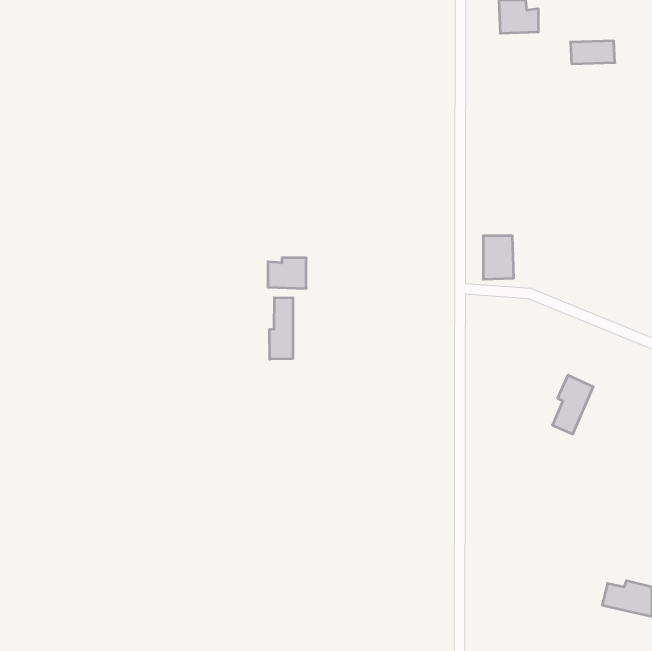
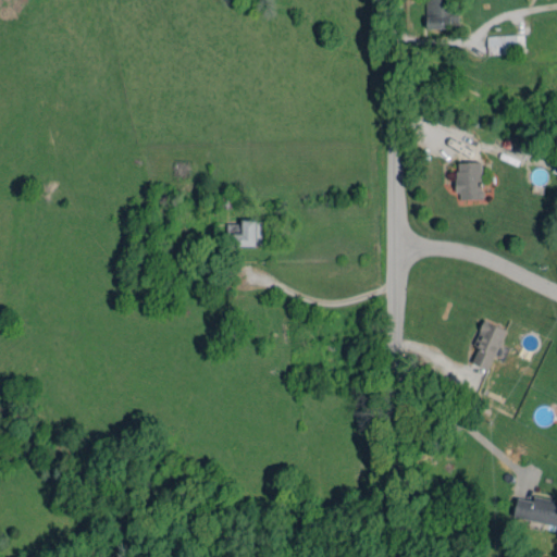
building: [483,236,514,279] -> [457,163,483,200]
building: [270,298,293,359] -> none

